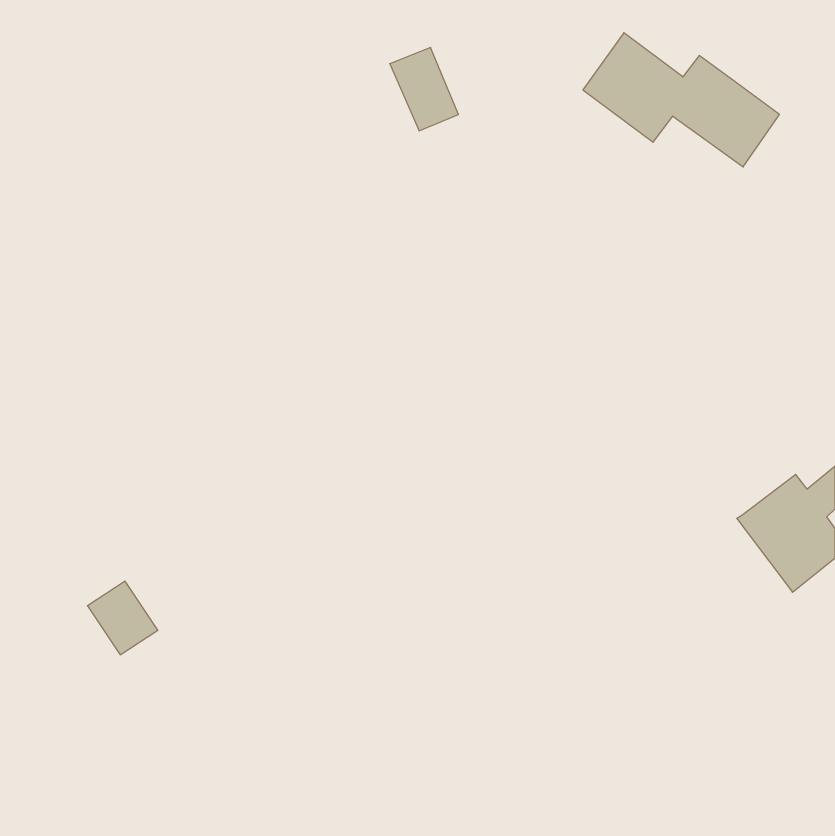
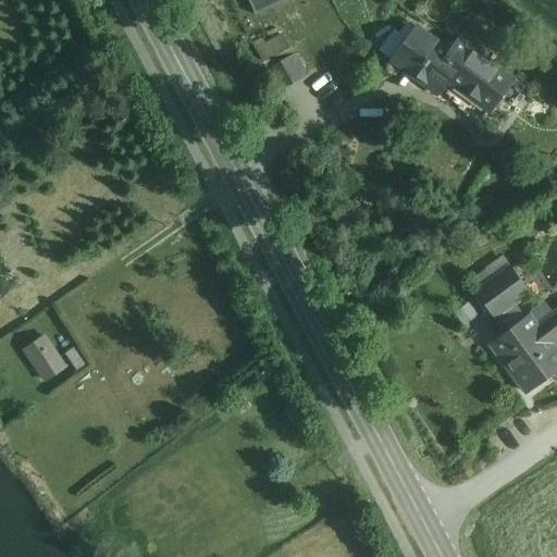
building: none -> [475,268,528,318]
building: [87,581,158,655] -> [21,333,67,382]

